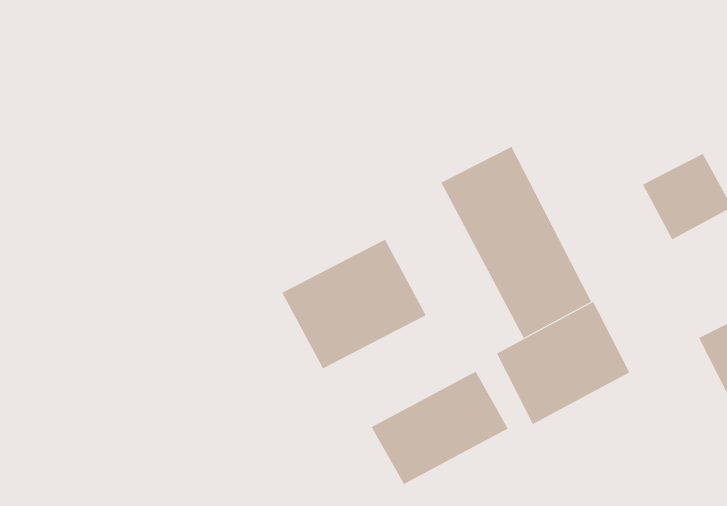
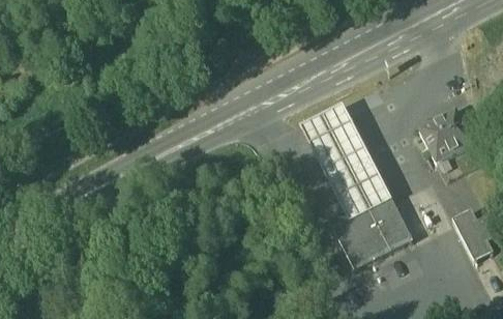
building: [281,239,427,369] -> none
building: [371,371,509,485] -> none

